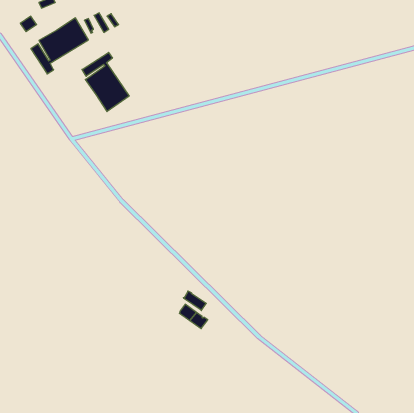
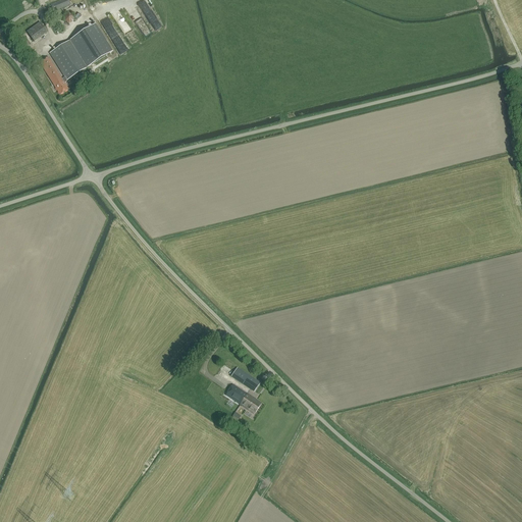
building: [82,52,129,112] -> none

